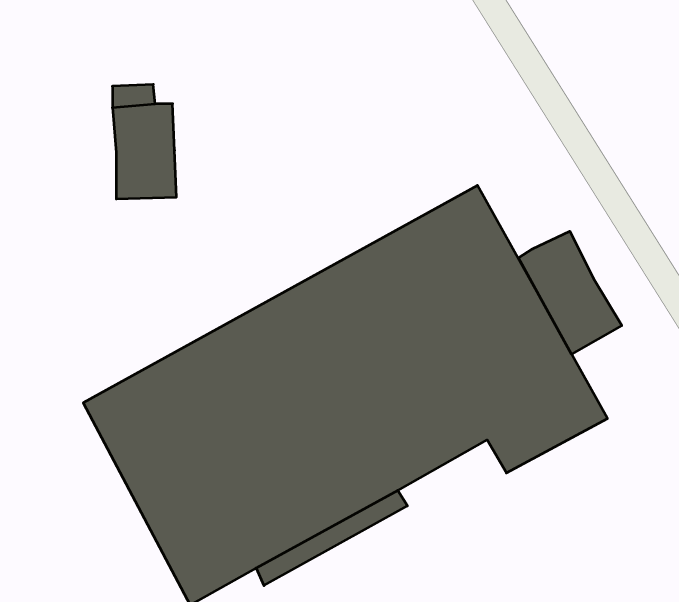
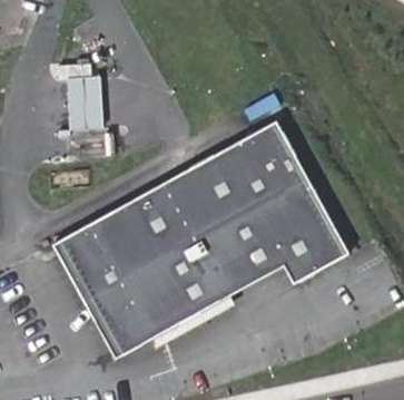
building: [518,231,622,354] -> none

